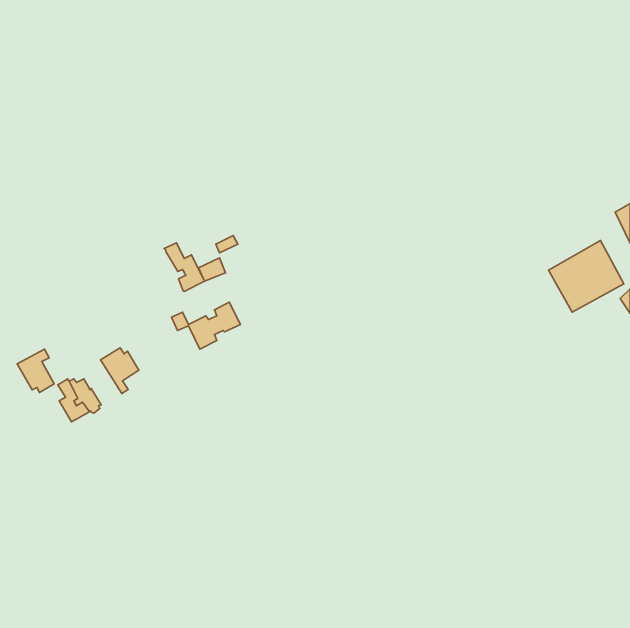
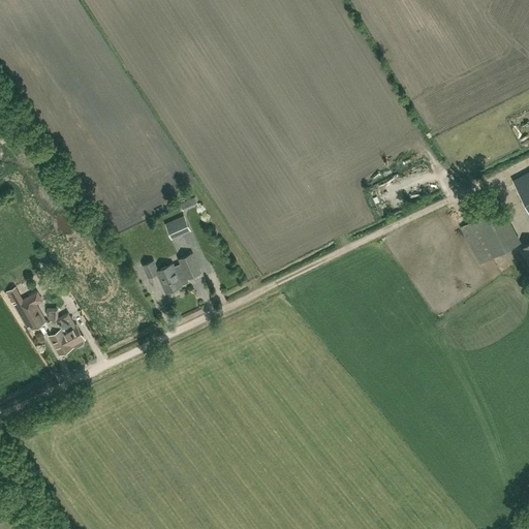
building: [164,243,205,292] -> none
building: [100,348,139,394] -> none

